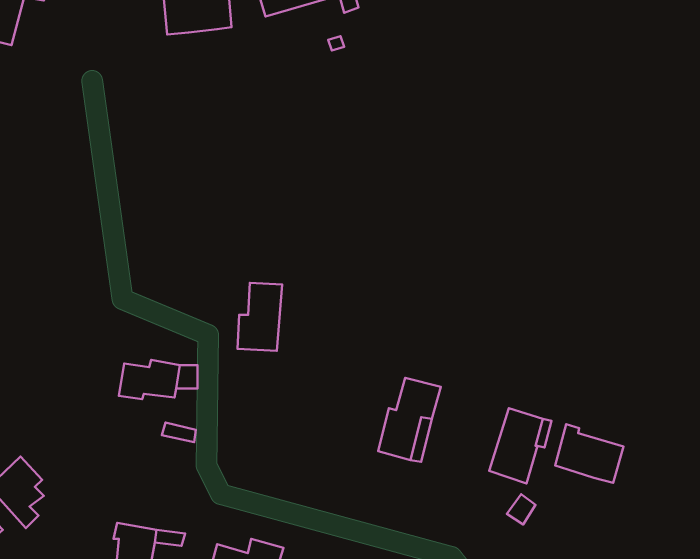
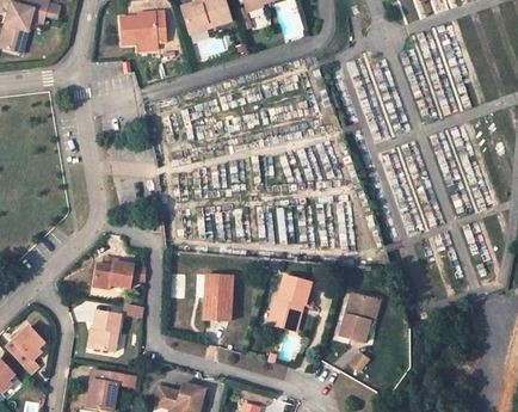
building: [237,283,282,351] -> [203,275,233,320]
building: [555,424,623,483] -> none
building: none -> [91,312,119,351]

